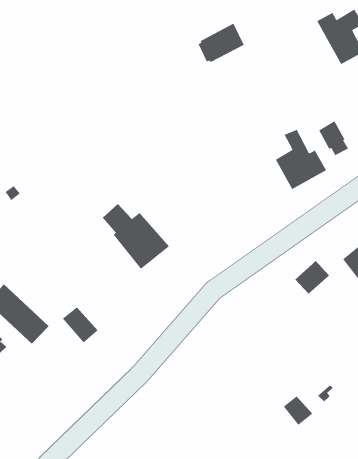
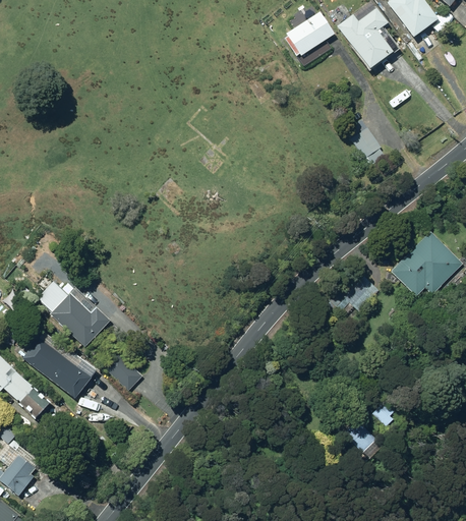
building: [197,22,245,63] -> [283,12,333,57]
building: [275,129,327,190] -> none
building: [102,203,170,270] -> [37,279,111,346]

